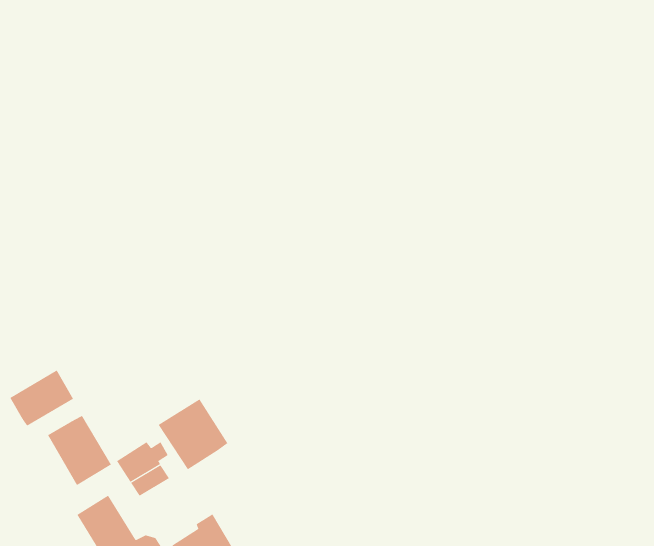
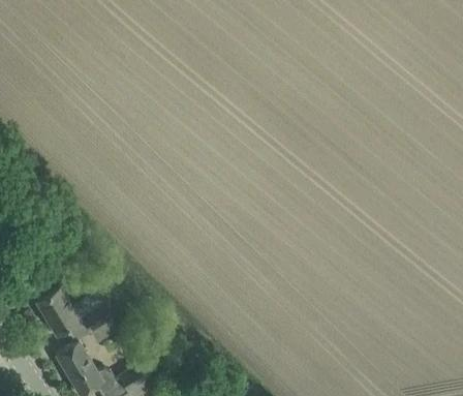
building: [10,369,74,426] -> none
building: [158,398,228,470] -> none

